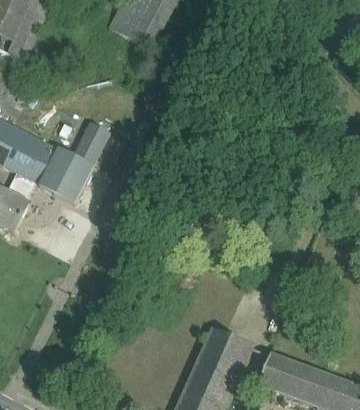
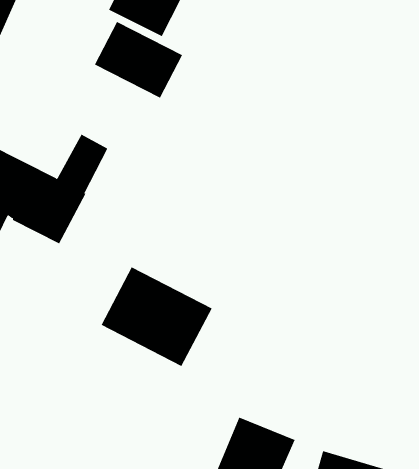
building: none -> [94,21,183,98]
building: none -> [101,266,212,367]

